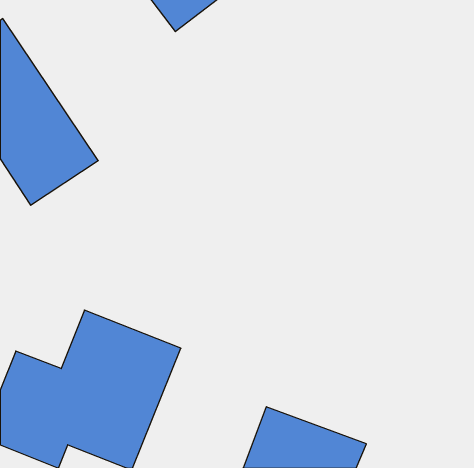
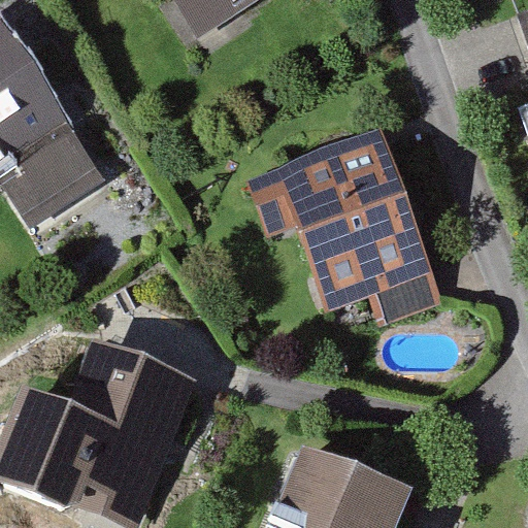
building: none -> [249,126,444,327]

